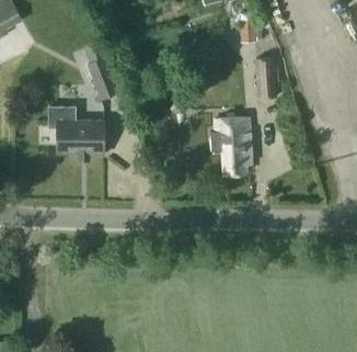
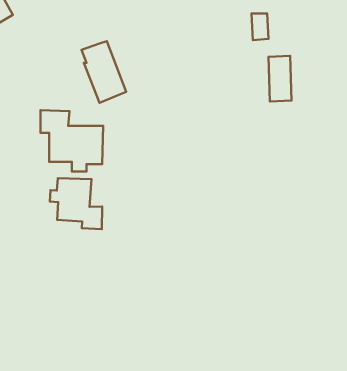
building: [210,118,252,174] -> none
building: none -> [50,178,102,229]

